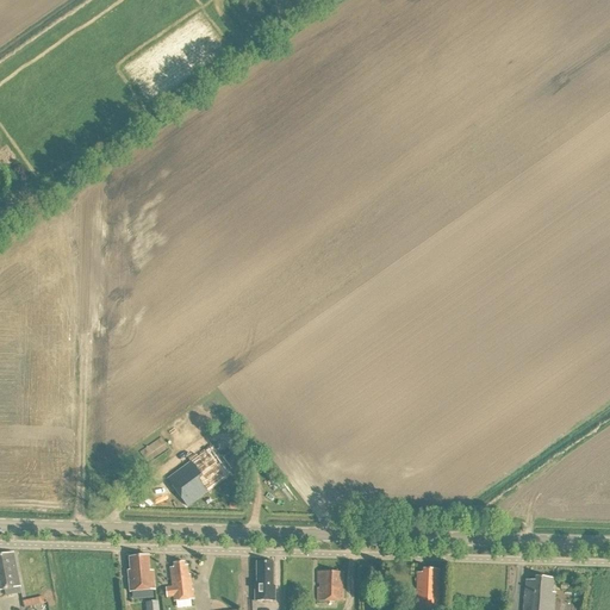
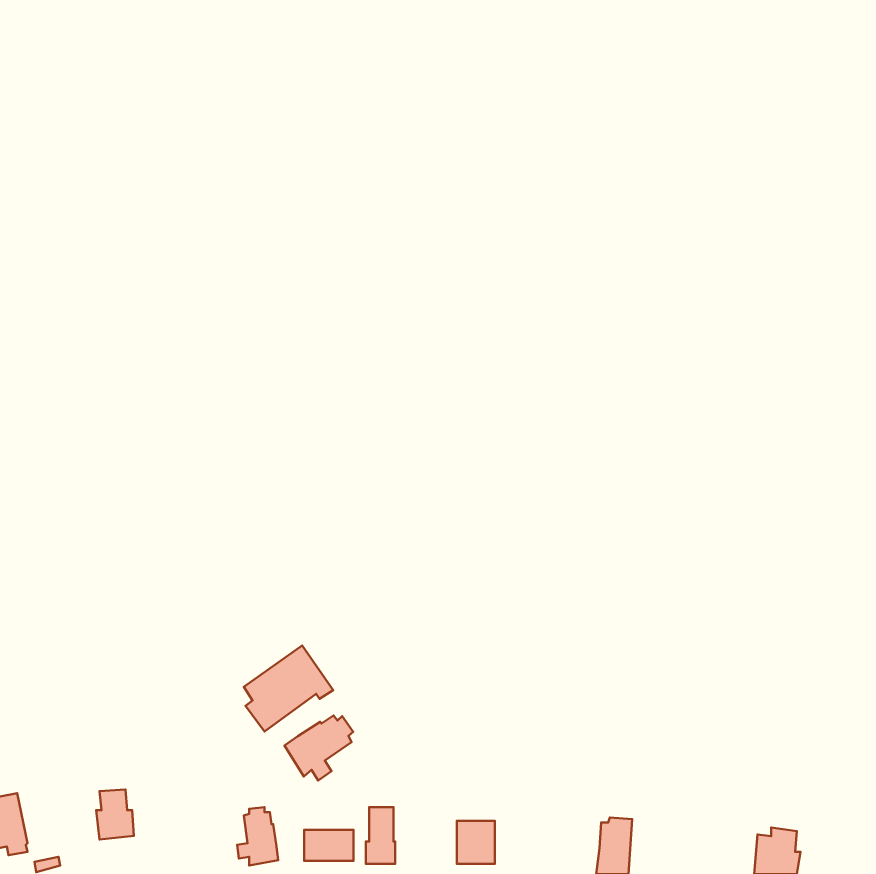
building: none -> [285,716,353,781]
building: [127,555,154,590] -> [96,790,134,839]
building: none -> [304,830,354,861]

